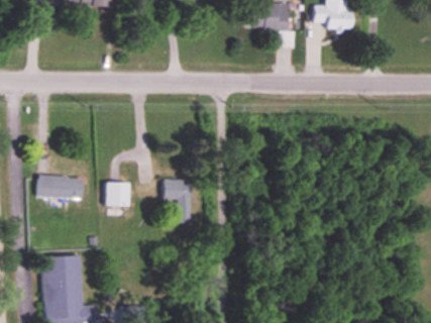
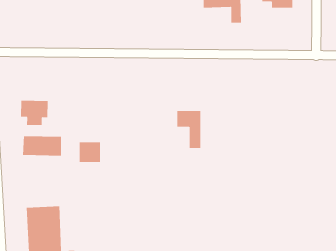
building: none -> [20,100,48,126]
building: [161,180,190,223] -> [176,110,201,149]

